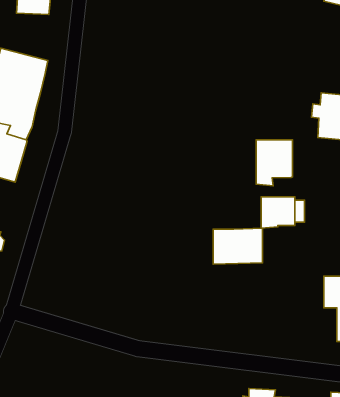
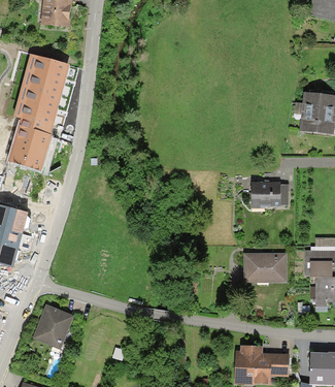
building: [256,140,292,186] -> none
building: [213,228,262,264] -> [243,252,286,283]
building: none -> [34,305,73,349]

